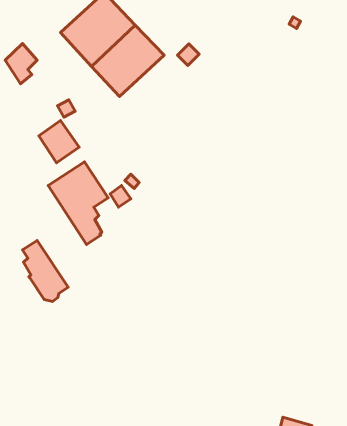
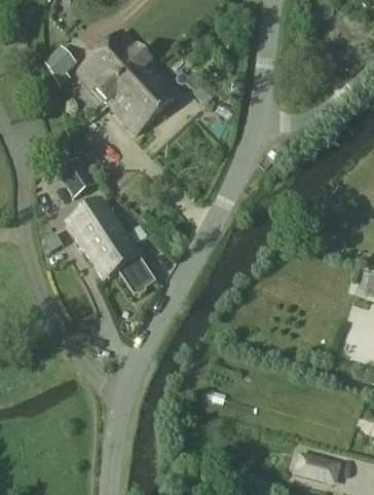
building: [5,44,37,84] -> [44,45,76,85]
building: [23,241,68,302] -> [111,234,156,295]

